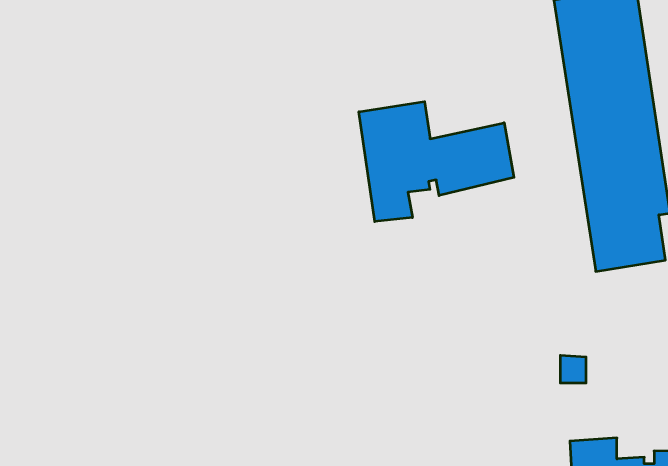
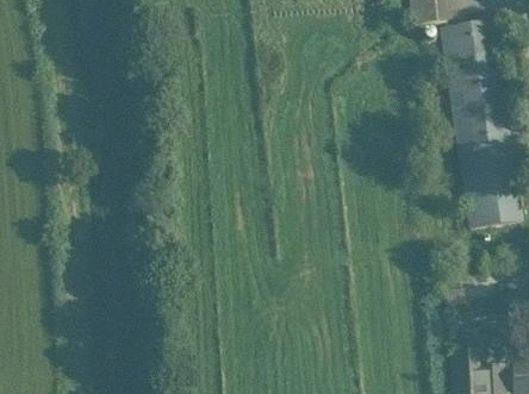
building: [359,102,514,222] -> none

